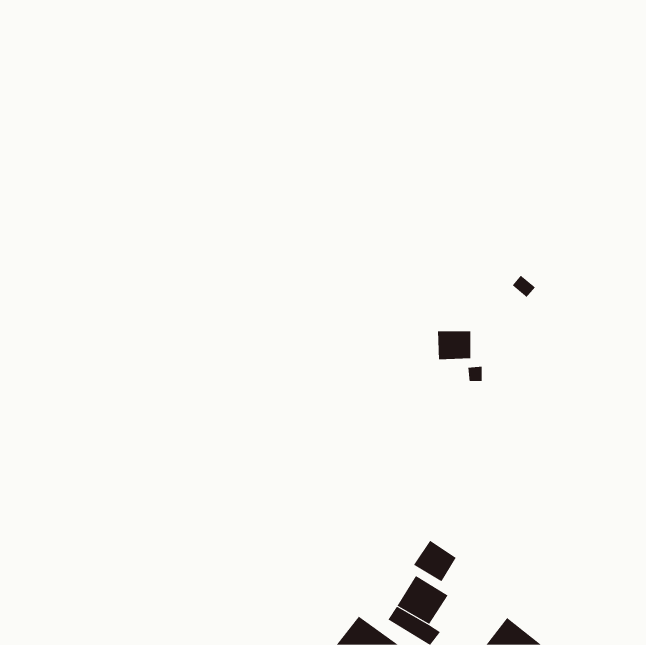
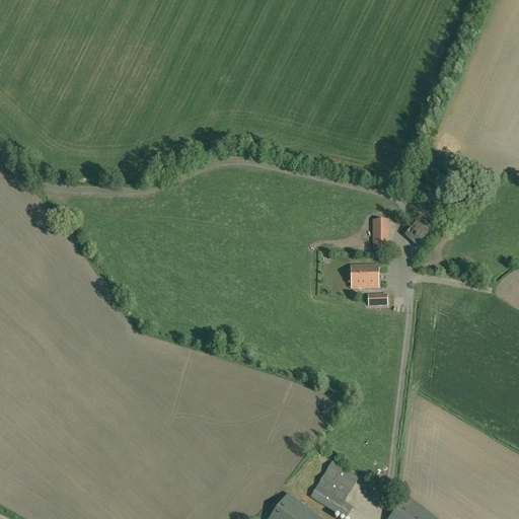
building: none -> [373,219,387,247]
building: [413,540,457,582] -> none

